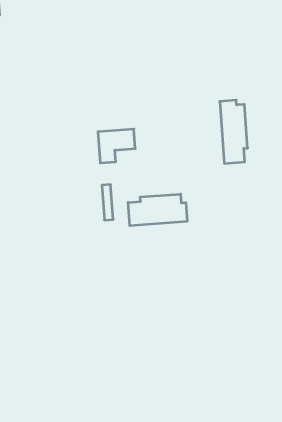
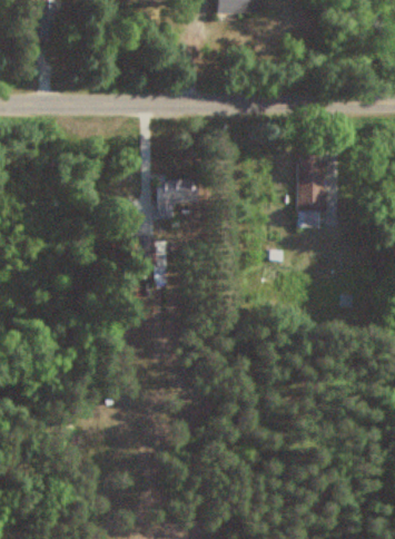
building: [128,194,187,226] -> none

